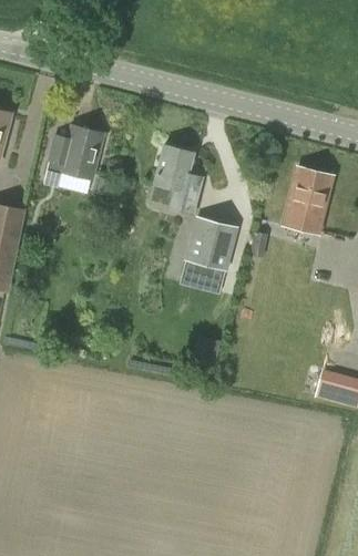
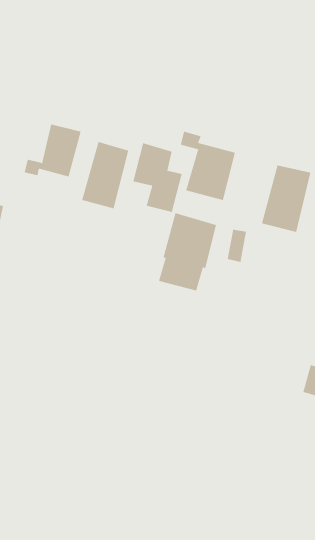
building: none -> [180,131,236,201]
building: none -> [82,141,129,209]

